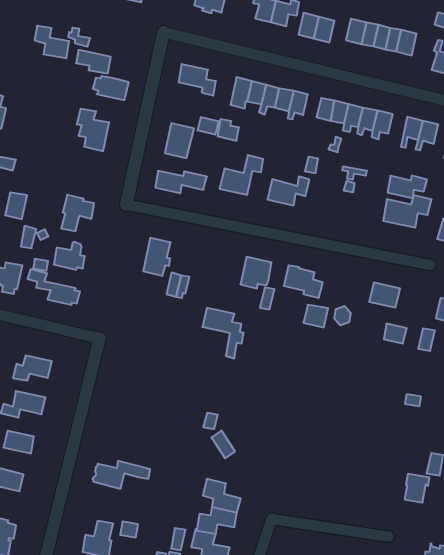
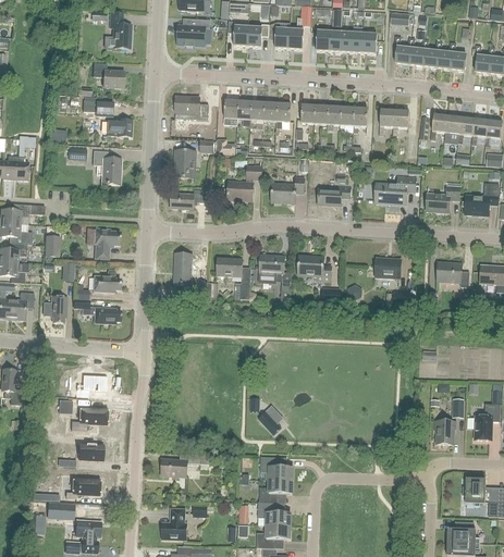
building: [35,26,69,58] -> [94,62,124,86]
building: [388,176,427,198] -> [318,185,351,205]
building: [202,308,244,358] -> [217,258,254,298]

